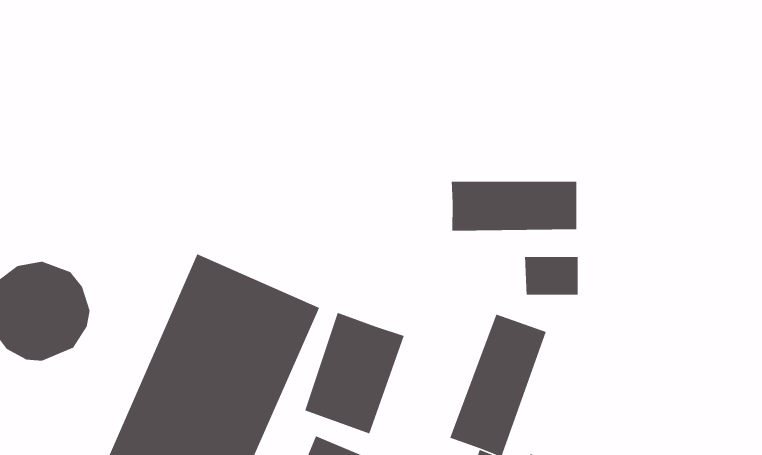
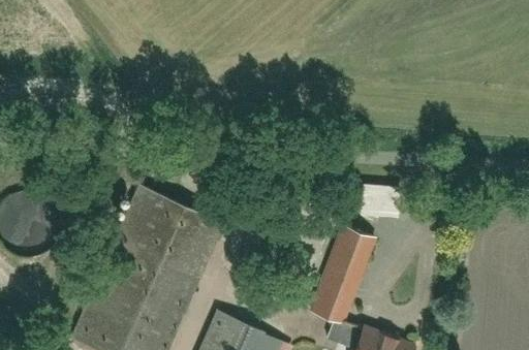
building: [451,181,577,232] -> none
building: [304,312,405,434] -> none

